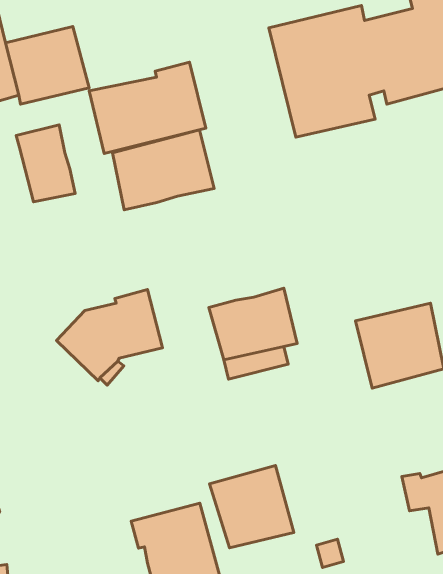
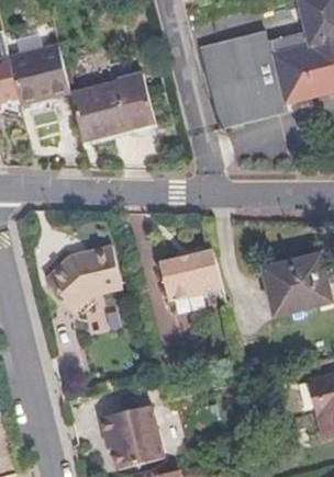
building: [16,125,75,202] -> none
building: [113,130,214,210] -> none
building: [210,466,294,548] -> none

